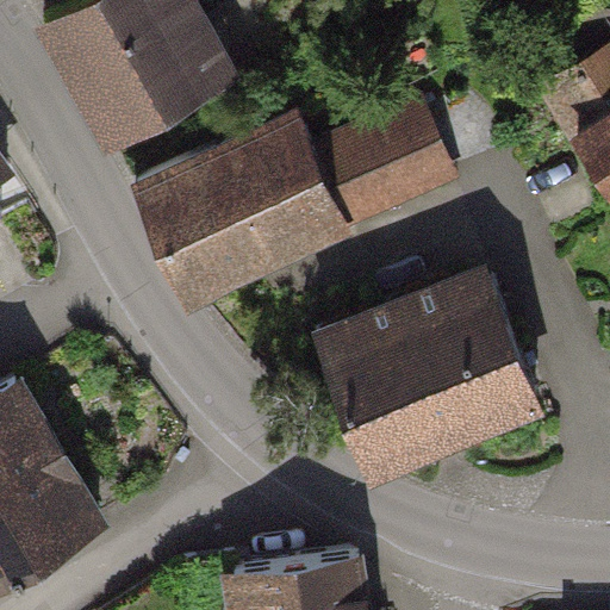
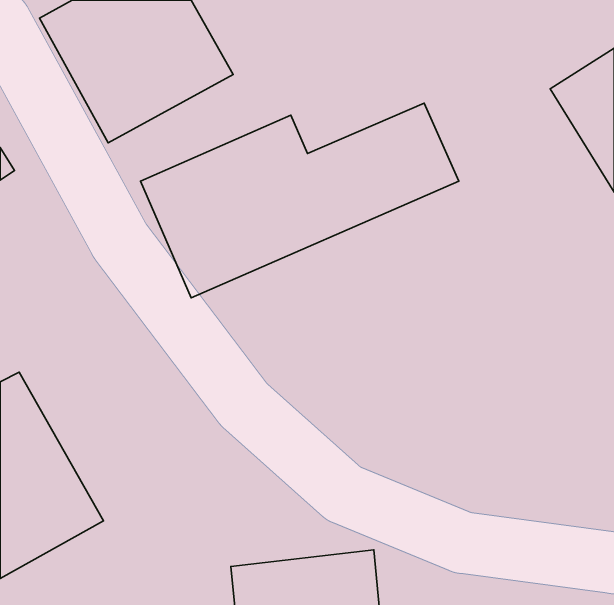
building: [315,264,535,469] -> none

